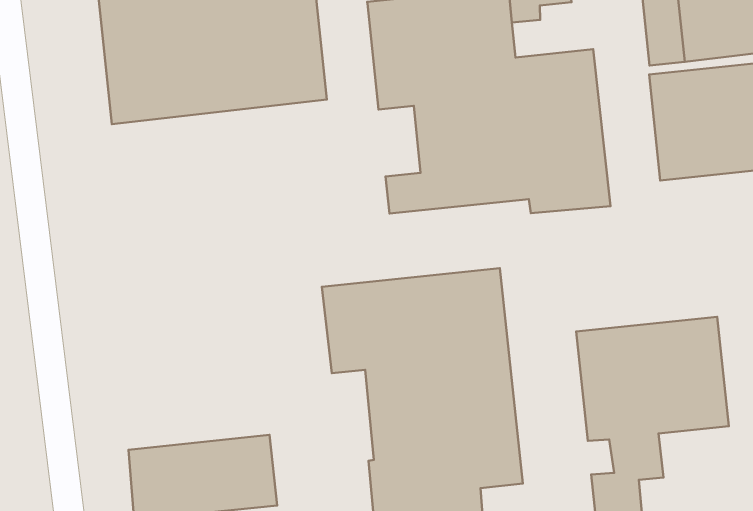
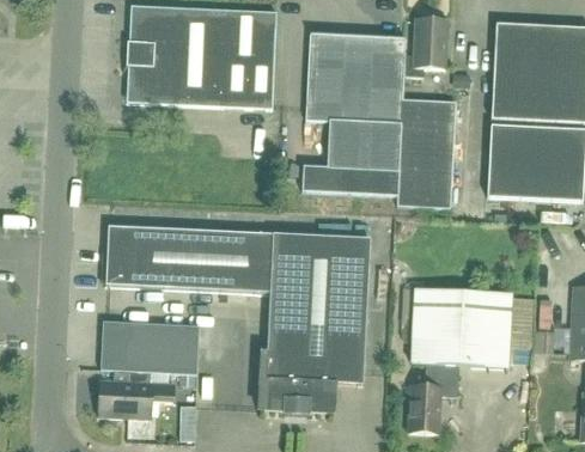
building: none -> [108,226,249,291]

